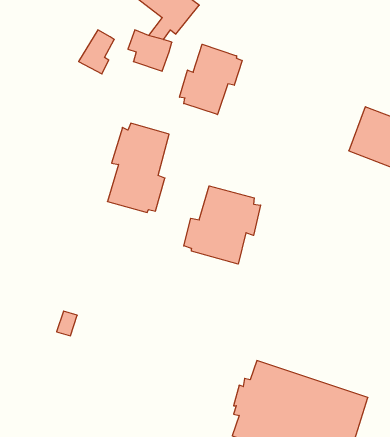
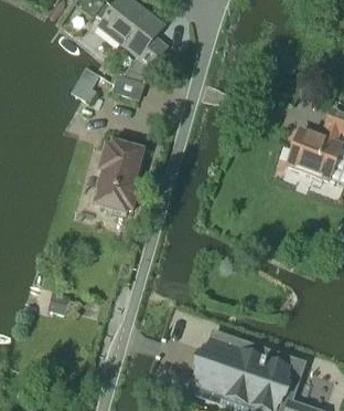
building: [180,44,242,115] -> none
building: [184,186,261,264] -> none

